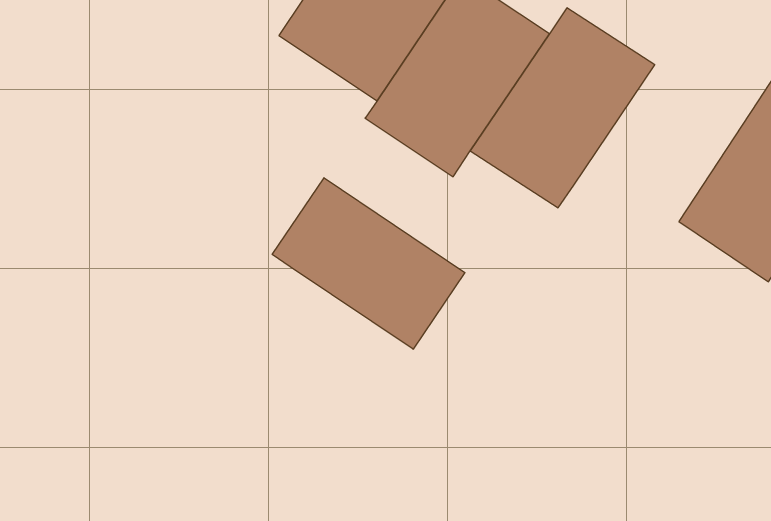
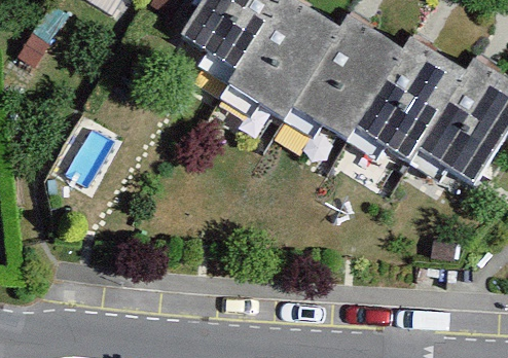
building: none -> [365,50,475,171]
building: [272,178,465,349] -> none

